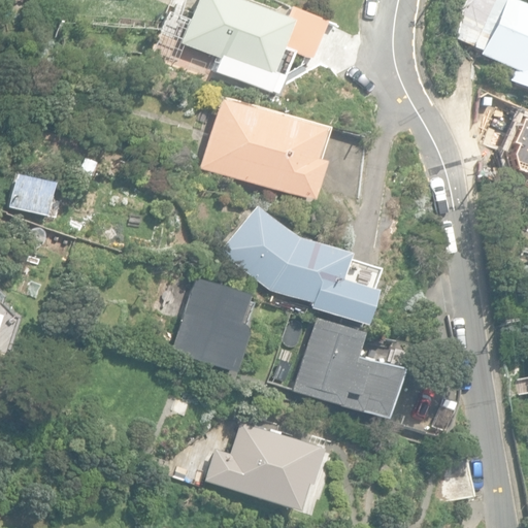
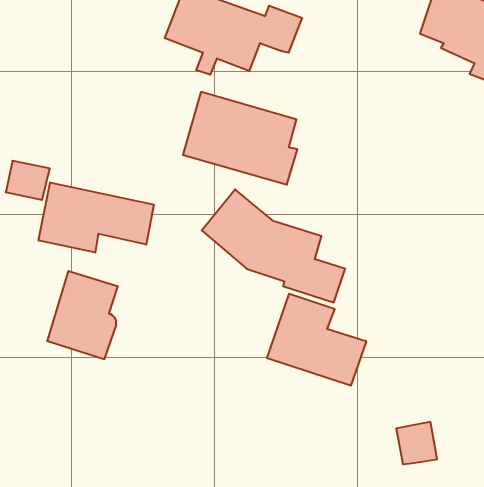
building: none -> [39,182,154,253]
building: [174,276,251,371] -> [47,271,118,359]
building: [206,421,322,509] -> none

